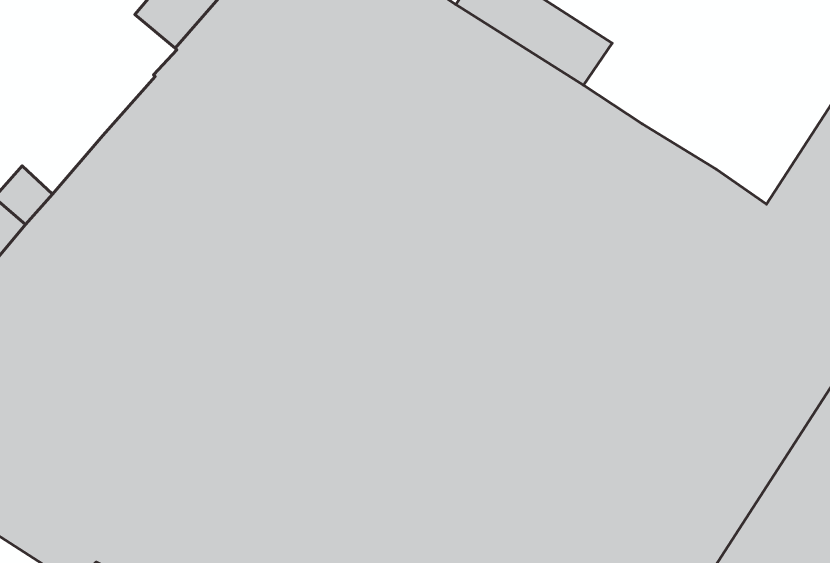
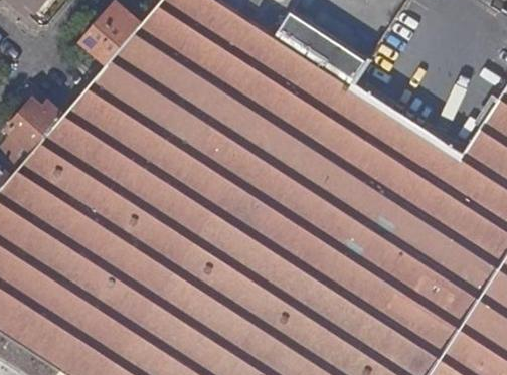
building: none -> [9,96,63,153]

